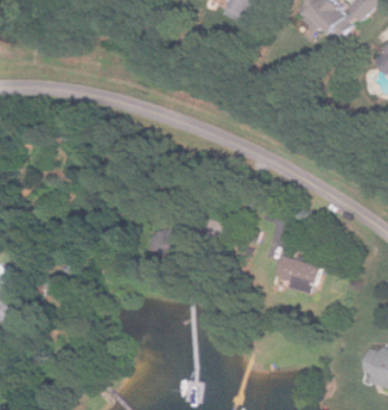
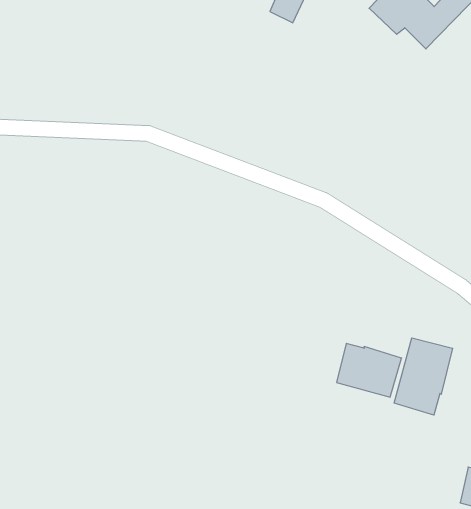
building: none -> [394,338,453,415]

